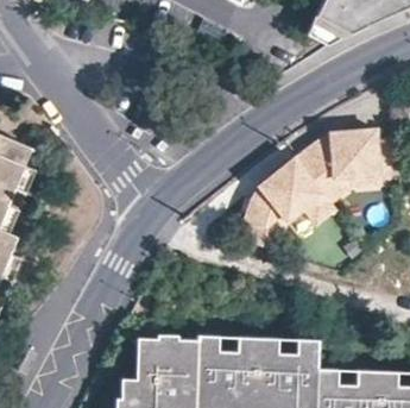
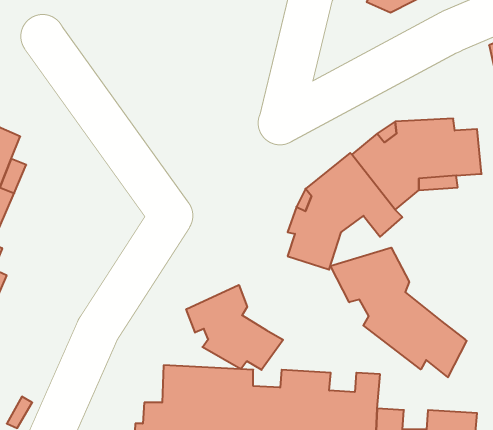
building: none -> [331,248,467,377]
building: none -> [186,285,283,370]

